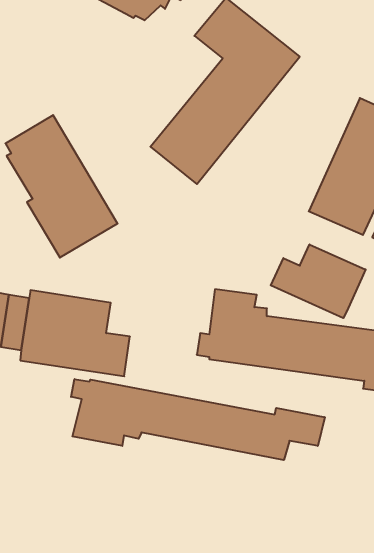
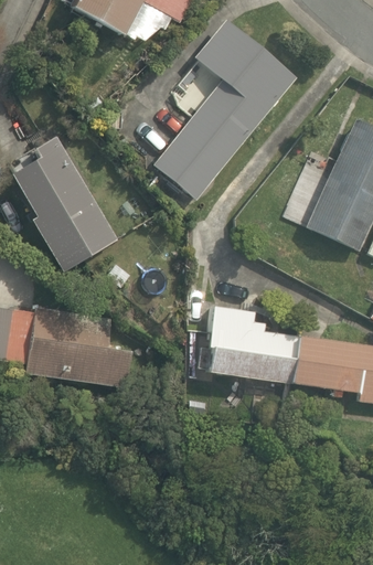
building: [271,244,366,318] -> none
building: [71,379,325,460] -> none

